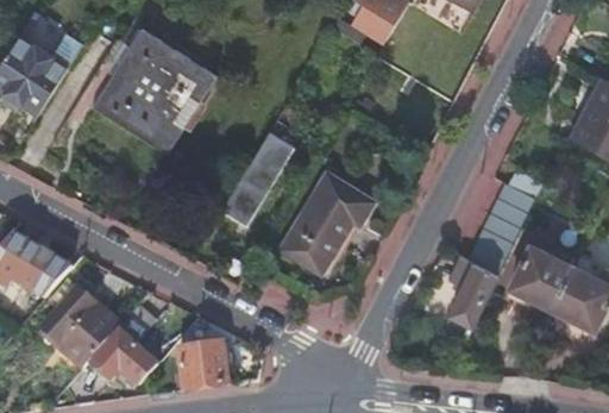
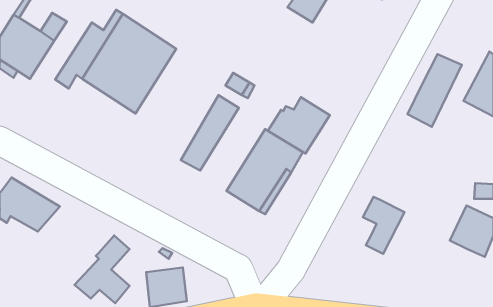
building: none -> [268,97,330,153]
building: [467,186,534,275] -> [408,54,462,127]
building: [510,246,573,309] -> none
building: [45,288,121,369] -> none

